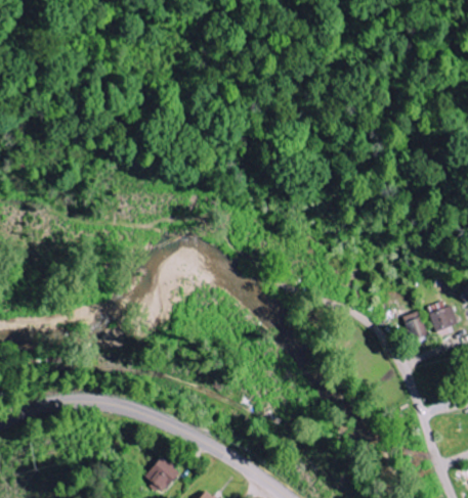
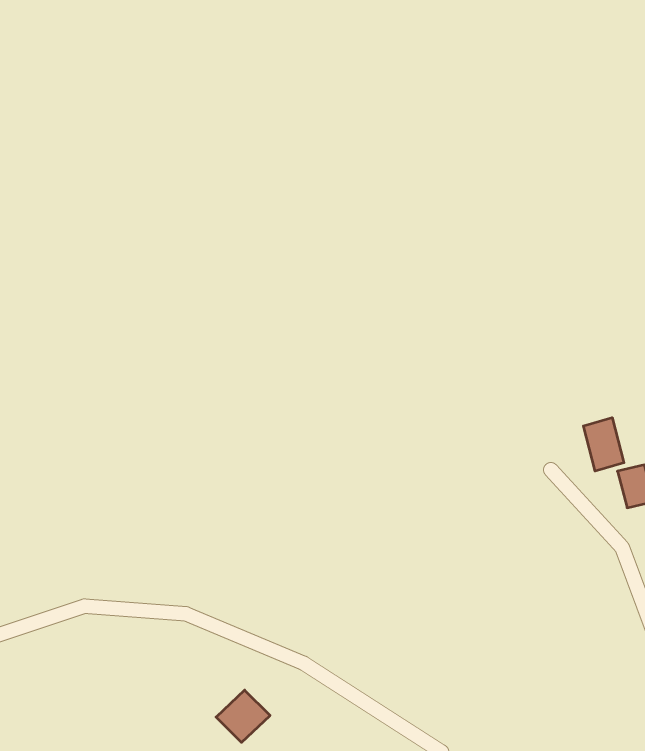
building: none -> [583,418,624,471]

